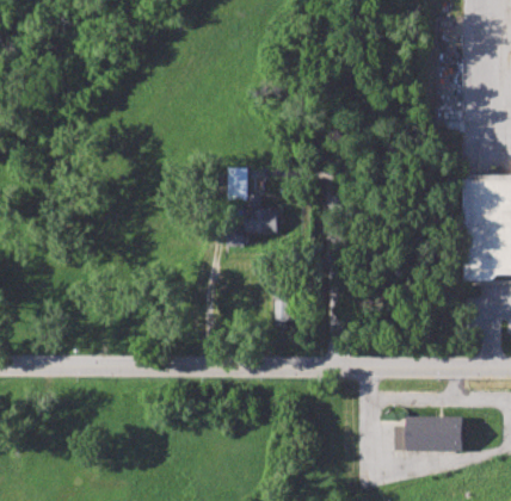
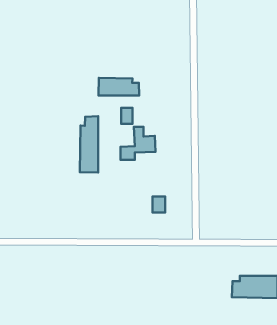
building: none -> [98,78,139,95]
building: none -> [80,116,98,172]

